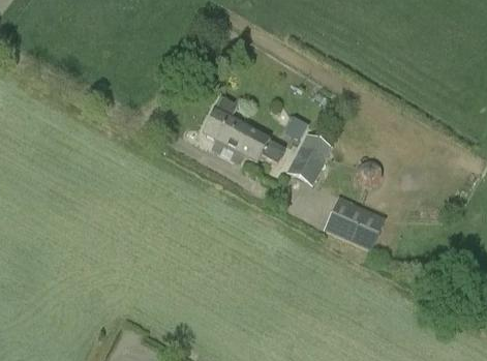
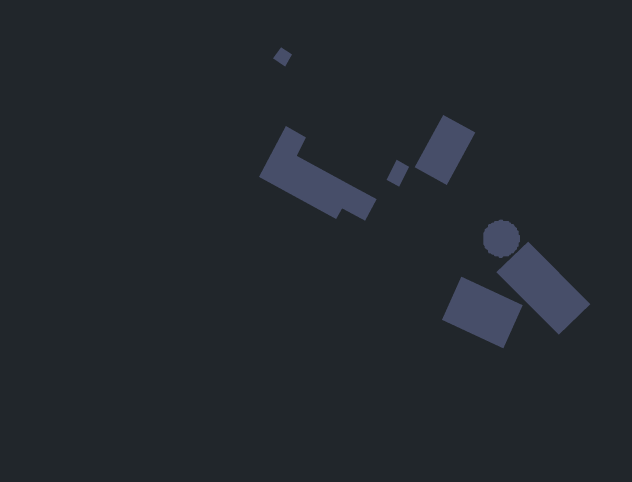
building: [288,134,331,183] -> [413,114,477,186]
building: none -> [496,241,591,335]

